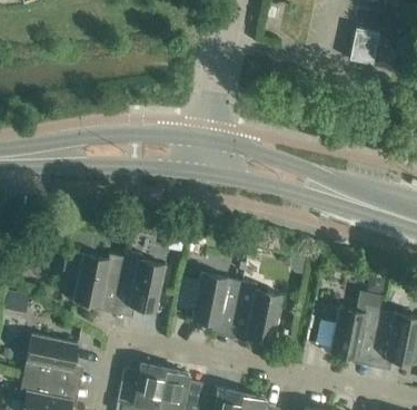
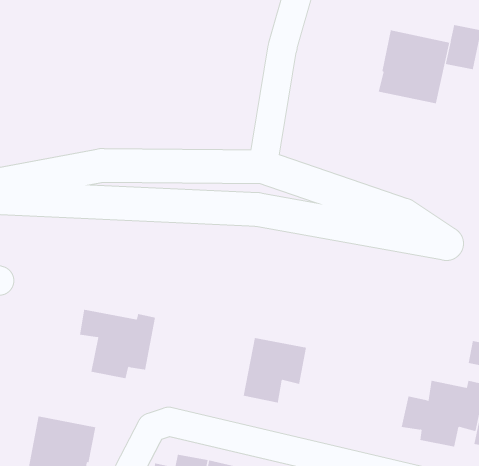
building: none -> [378,30,450,104]
building: [117,252,167,312] -> none
building: [237,282,282,342] -> none

